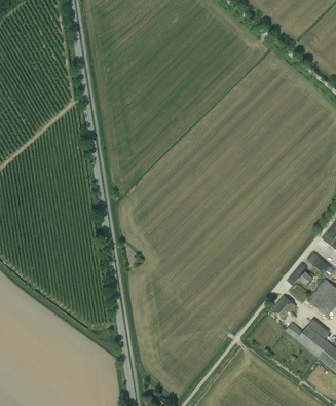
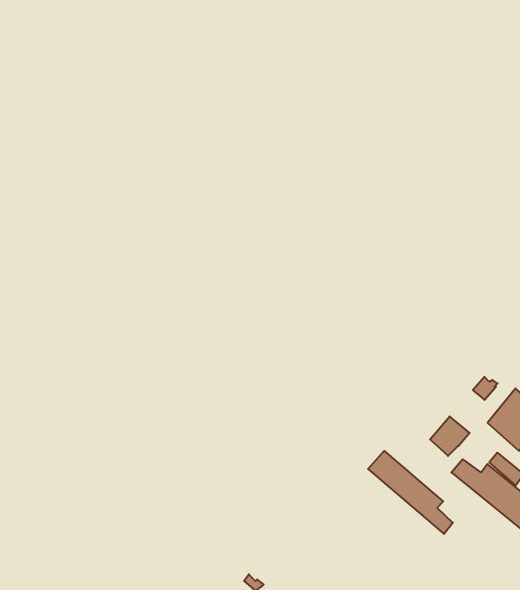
building: none -> [368,451,453,534]

